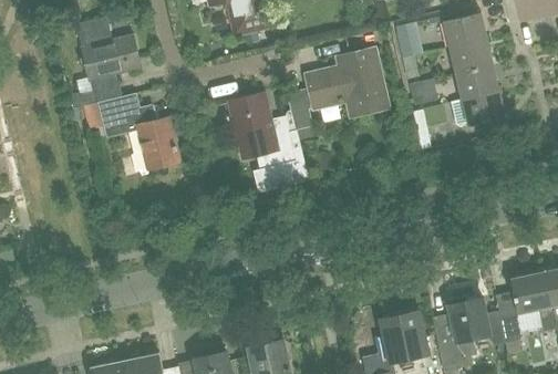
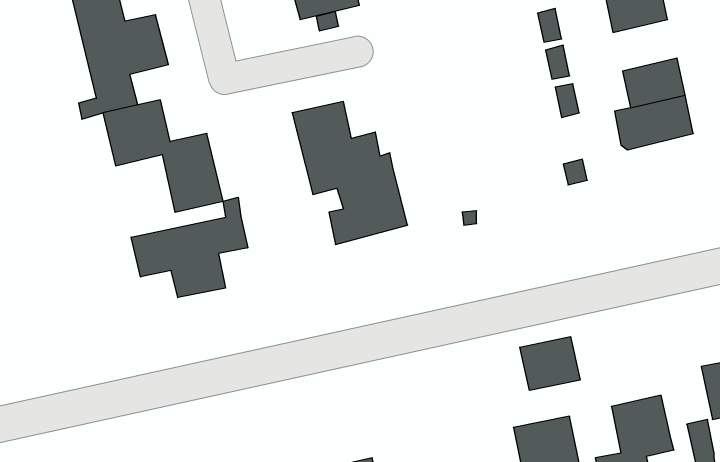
building: [448,37,493,72] -> none
building: [286,46,388,139] -> none
building: none -> [131,197,248,298]
building: none -> [520,337,580,390]

